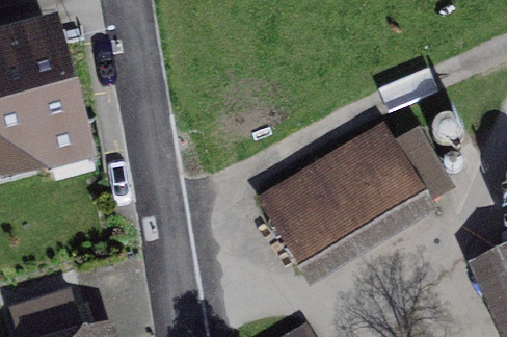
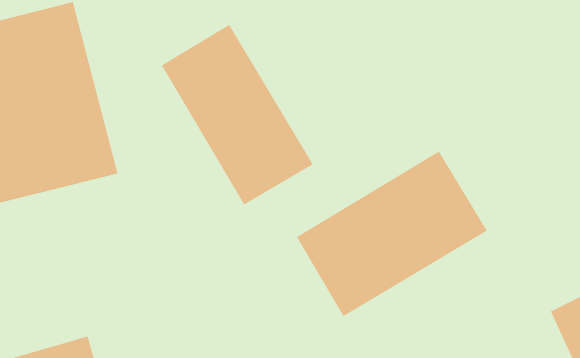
building: none -> [161,24,314,206]

